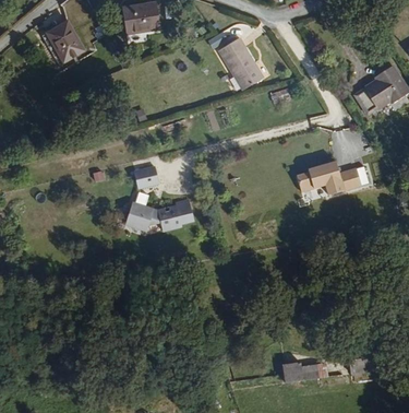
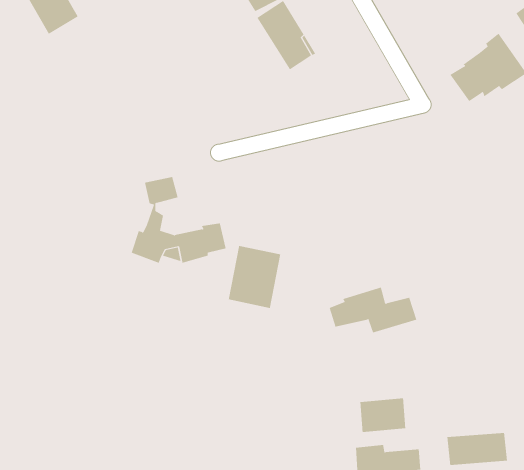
building: [292,157,357,191] -> [329,287,417,333]
building: none -> [228,245,281,309]
building: none -> [360,397,406,433]

